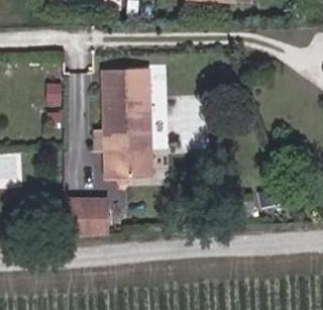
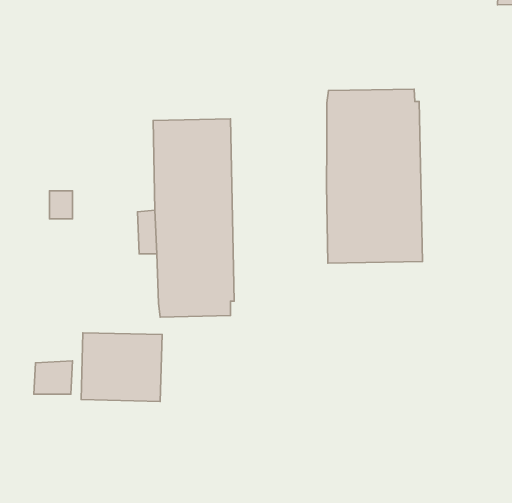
building: none -> [326,89,422,263]

